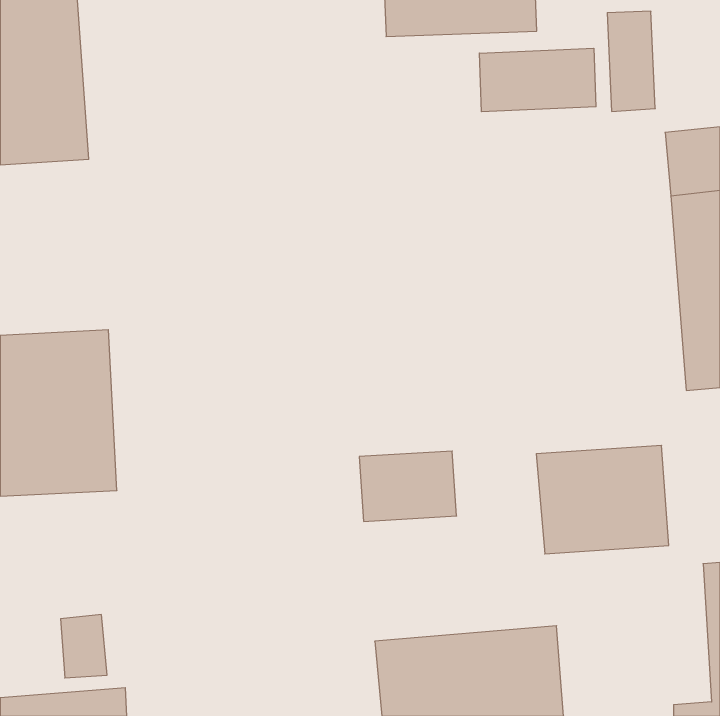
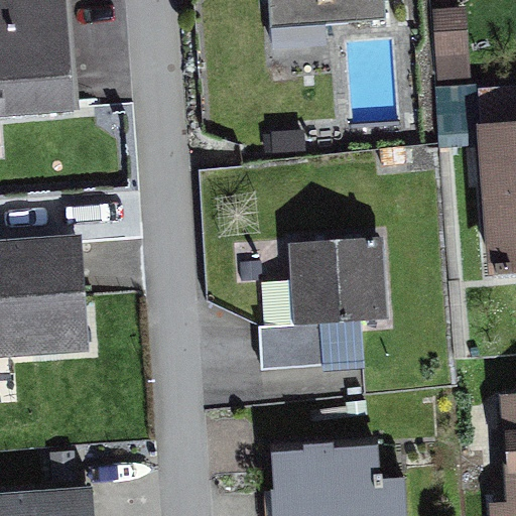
building: [479,48,596,112] -> none
building: [536,445,669,554] -> [290,244,385,321]

